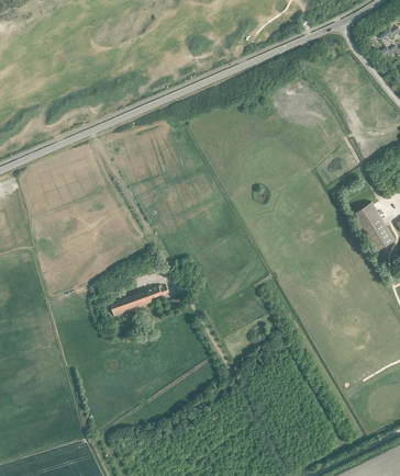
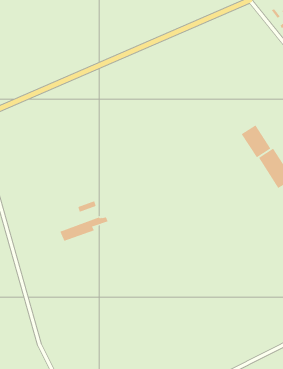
building: none -> [241,125,271,158]

